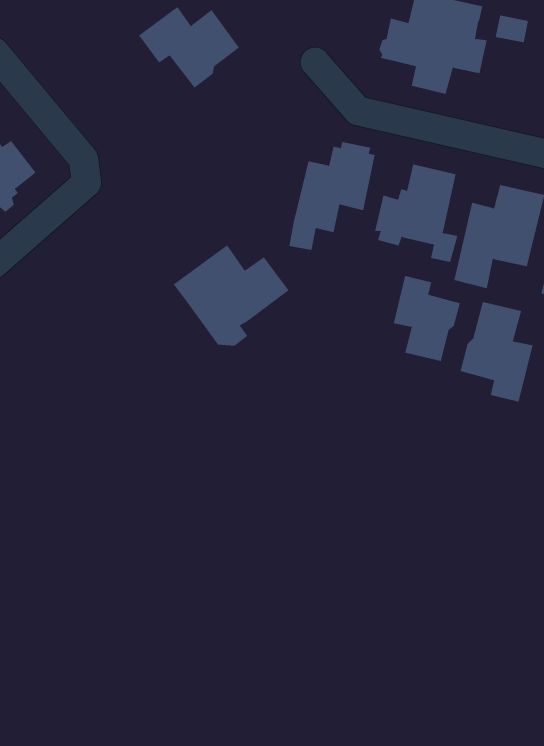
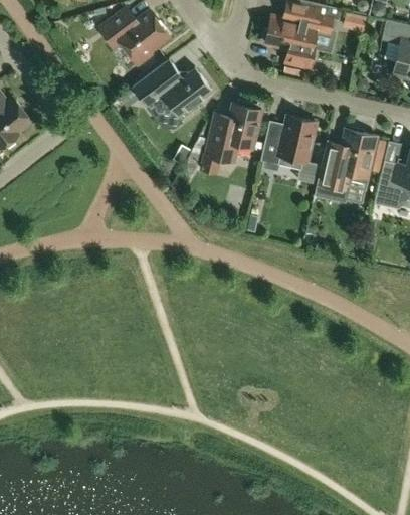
building: [173,245,289,346] -> [133,59,212,129]
building: [393,275,460,362] -> none
building: [460,301,533,403] -> none

